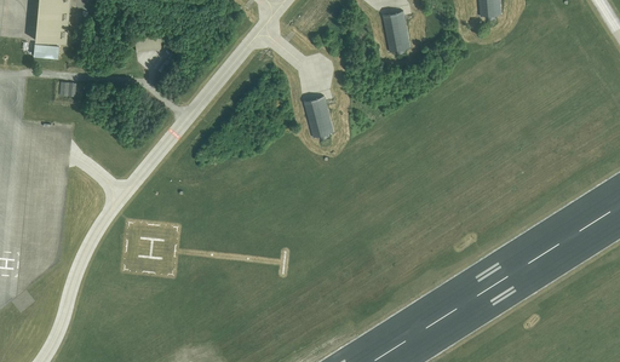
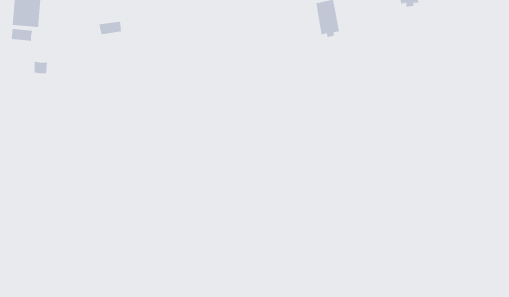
building: [303,97,332,140] -> none

